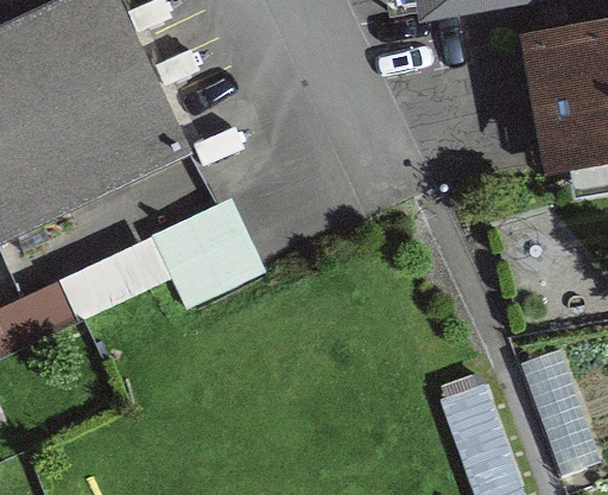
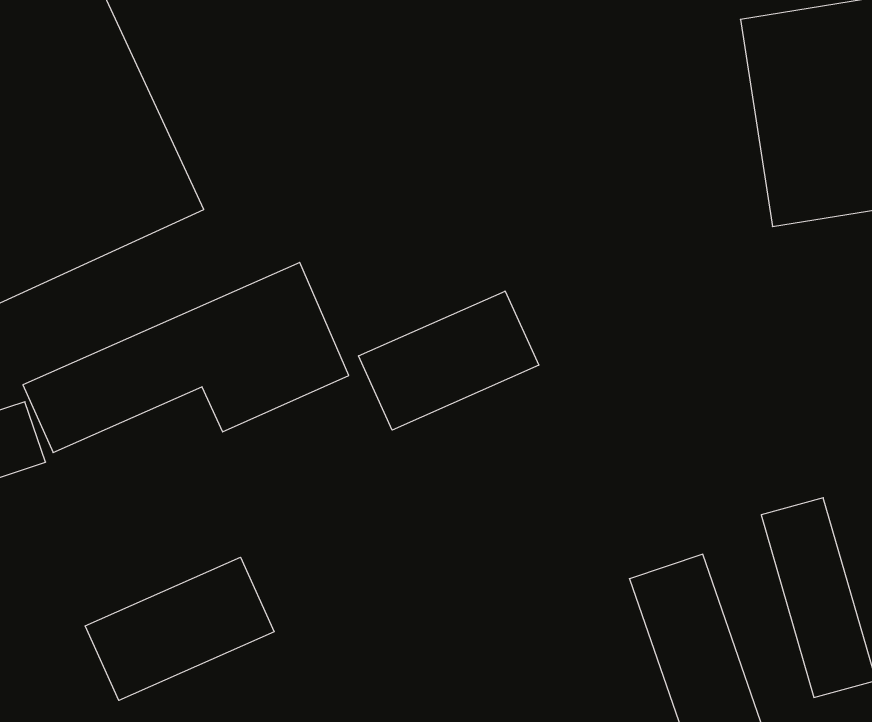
building: none -> [359,291,539,430]
building: none -> [85,557,274,700]

